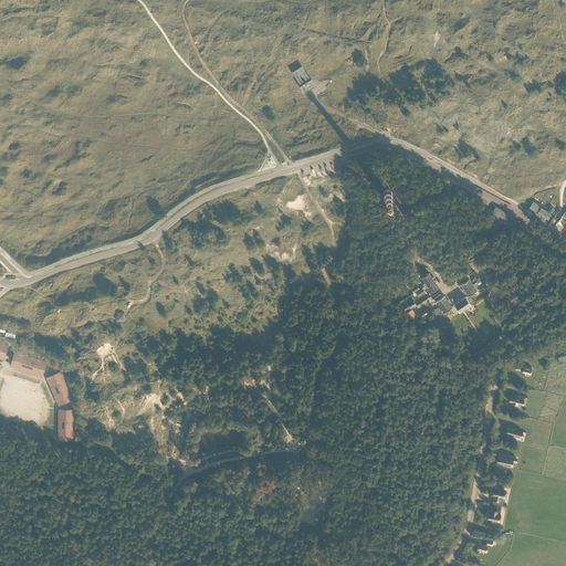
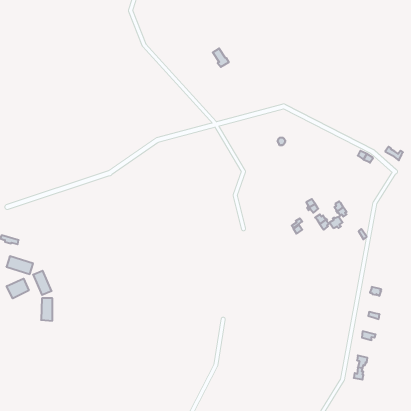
building: none -> [7,279,29,298]

